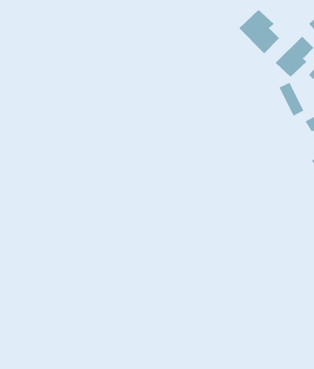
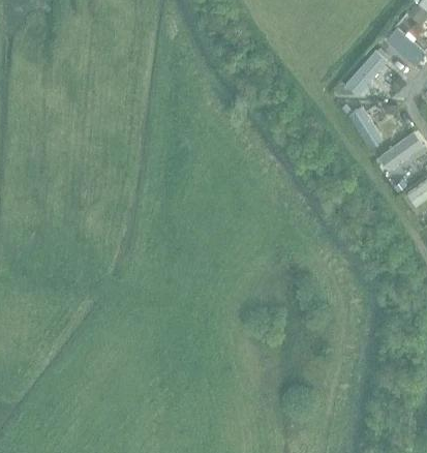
building: [238,9,280,54] -> none

